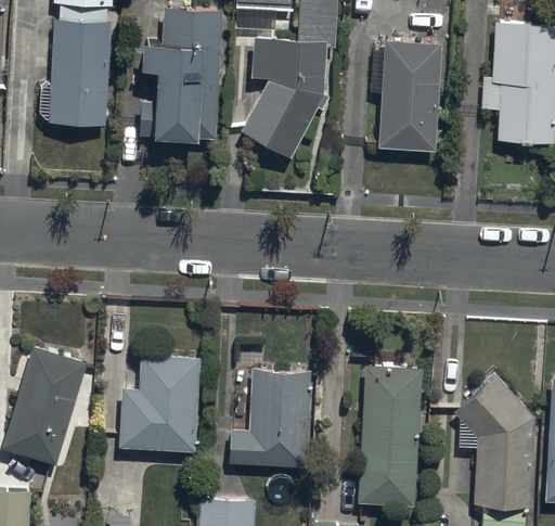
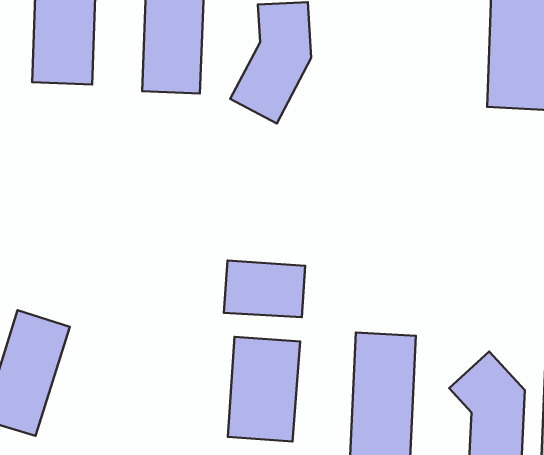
building: [372,42,440,152] -> none
building: none -> [224,260,305,317]
building: [126,354,199,450] -> none

